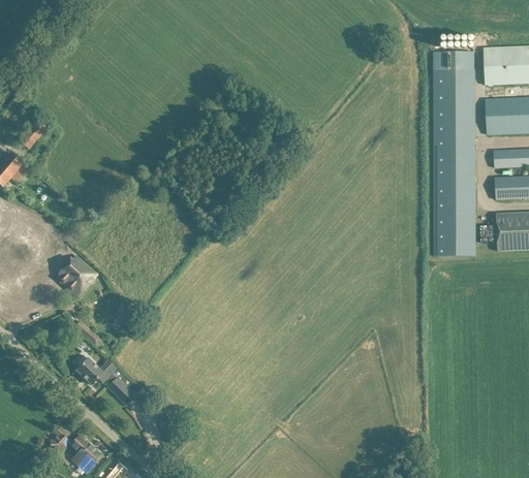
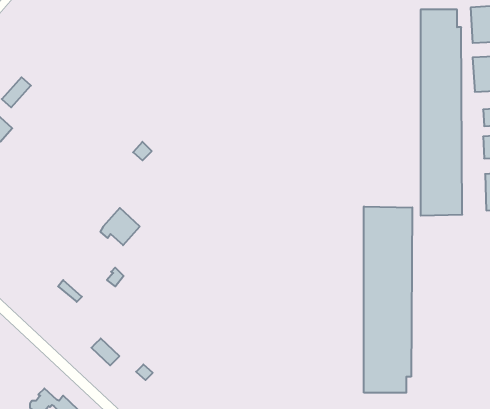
building: none -> [364,206,412,393]
building: [56,255,95,292] -> [100,208,140,245]
building: [75,354,116,384] -> none

